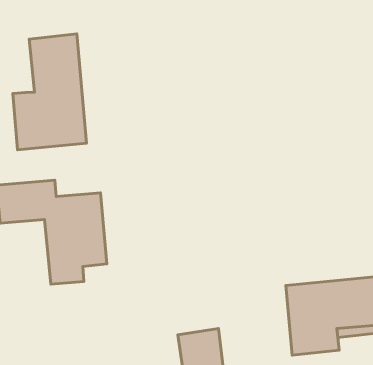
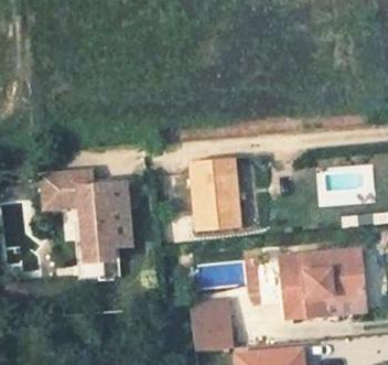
building: [13,34,87,150] -> none
building: none -> [194,154,245,228]

